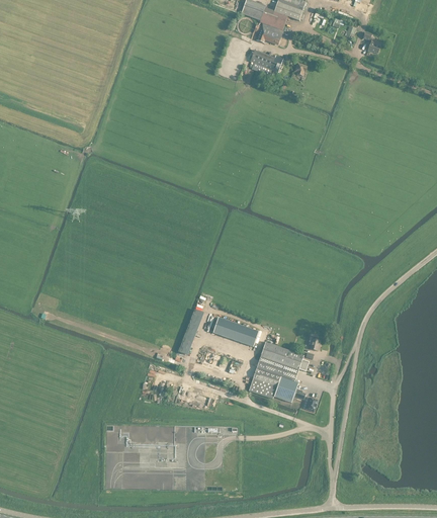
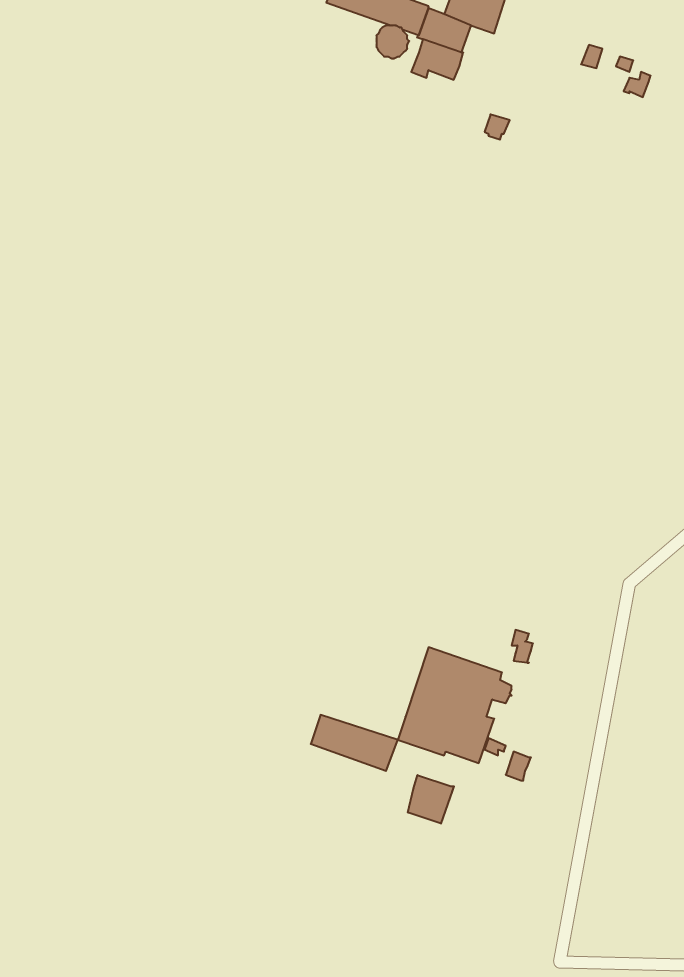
building: [250,49,276,75] -> none
building: [213,317,259,346] -> [311,715,398,771]
building: none -> [408,775,454,824]

